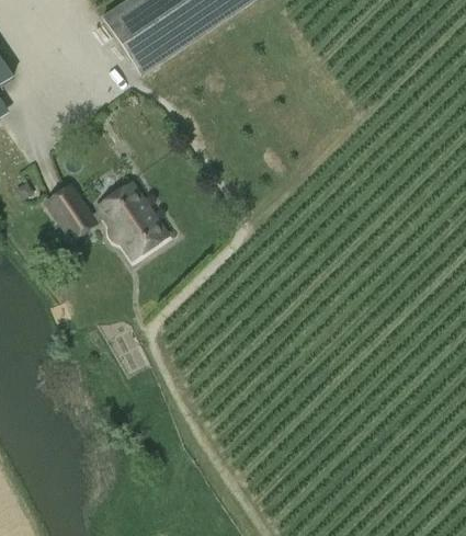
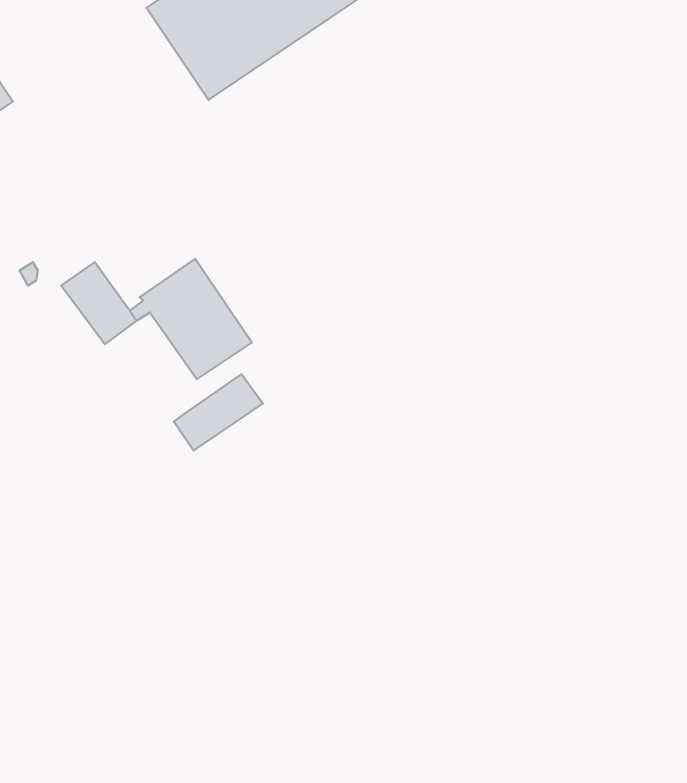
building: none -> [174,374,263,450]

